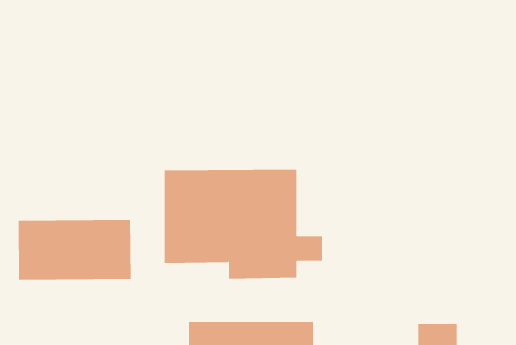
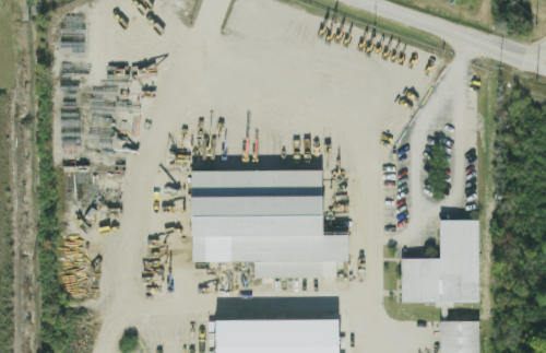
building: [18,219,131,280] -> none
building: none -> [401,220,479,303]

